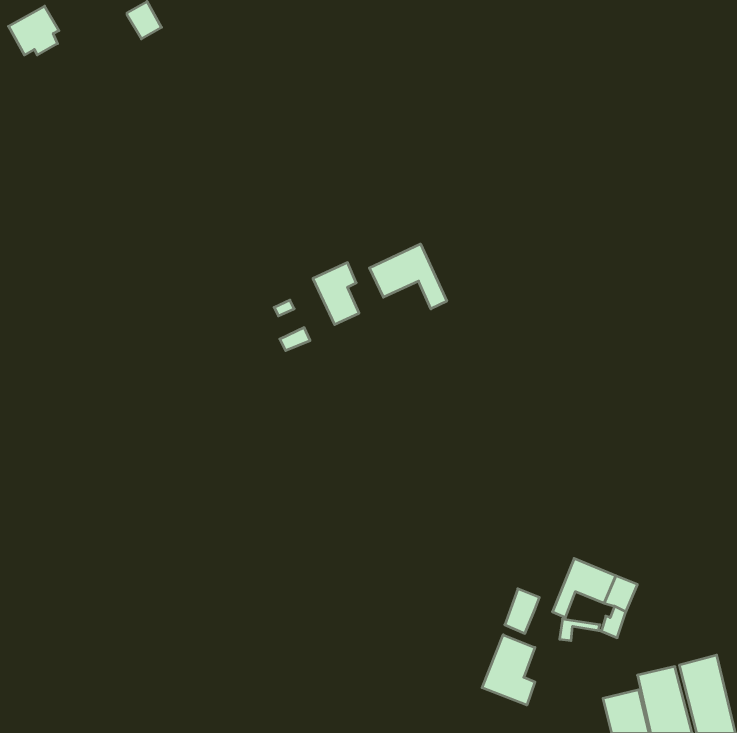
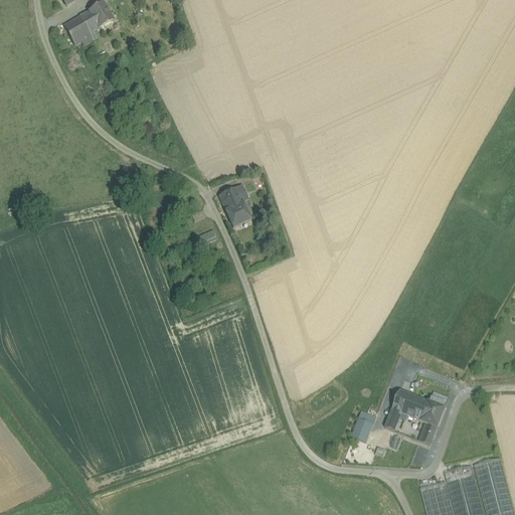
building: [8,6,59,55] -> [63,10,99,44]
building: [369,244,447,309] -> none
building: [482,635,535,705] -> none

